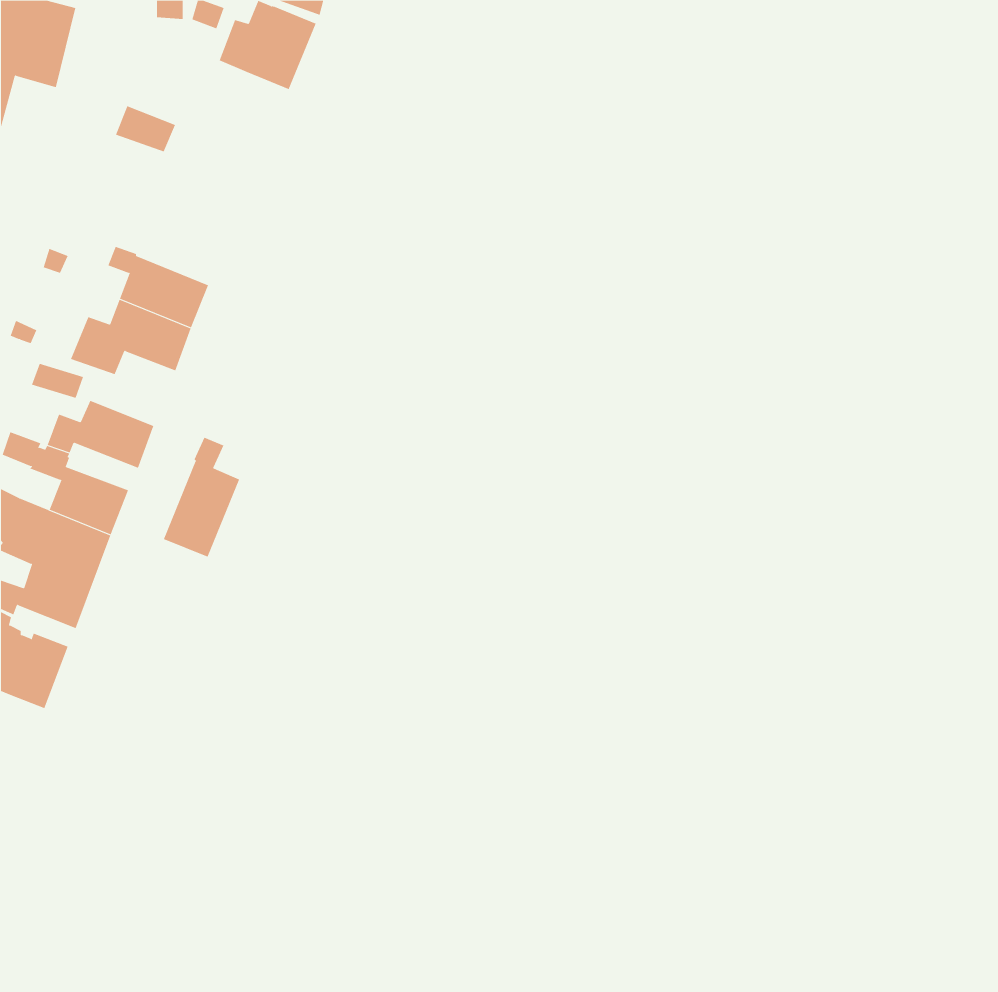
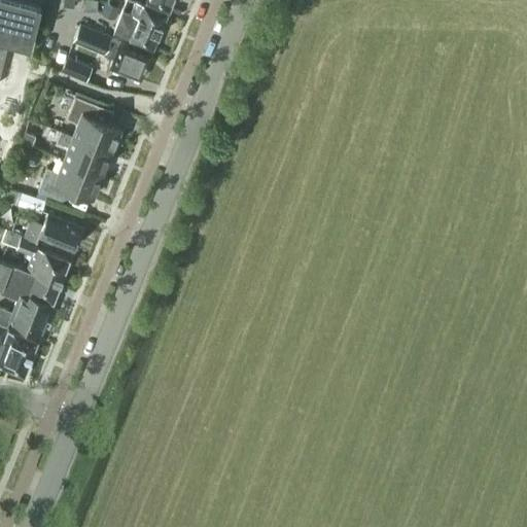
building: none -> [73,26,151,81]
building: none -> [66,98,119,153]
building: [163,437,240,558] -> none

